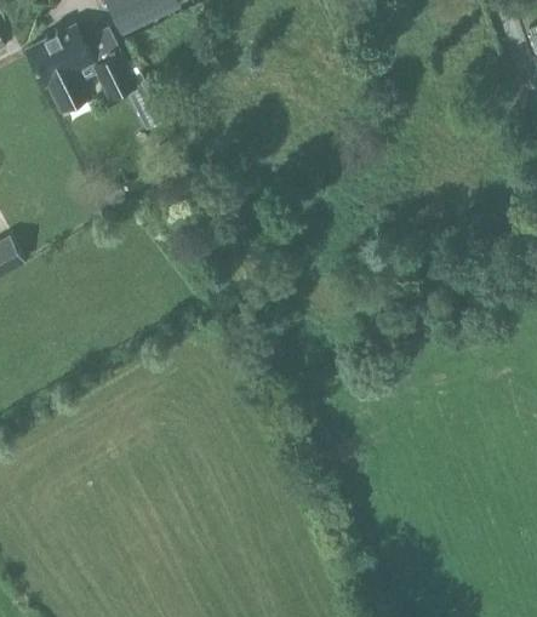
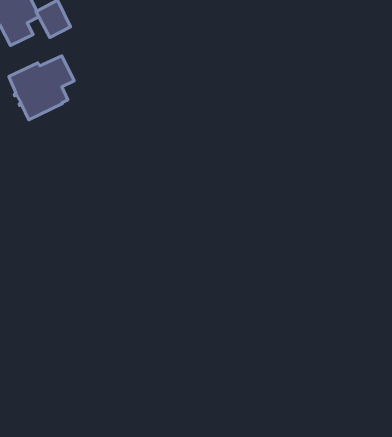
building: none -> [9,56,74,120]

